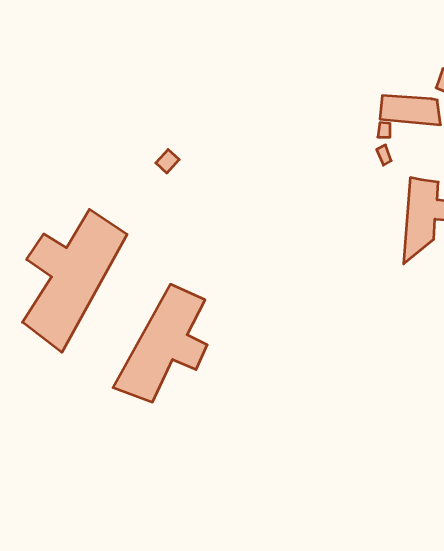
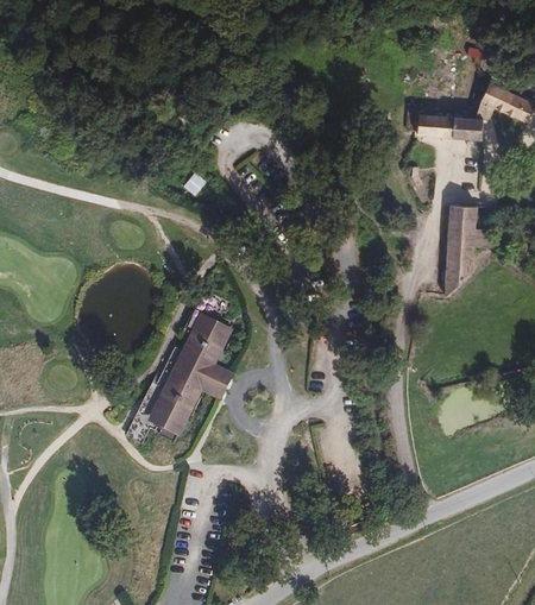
building: [22,209,127,352] -> none

